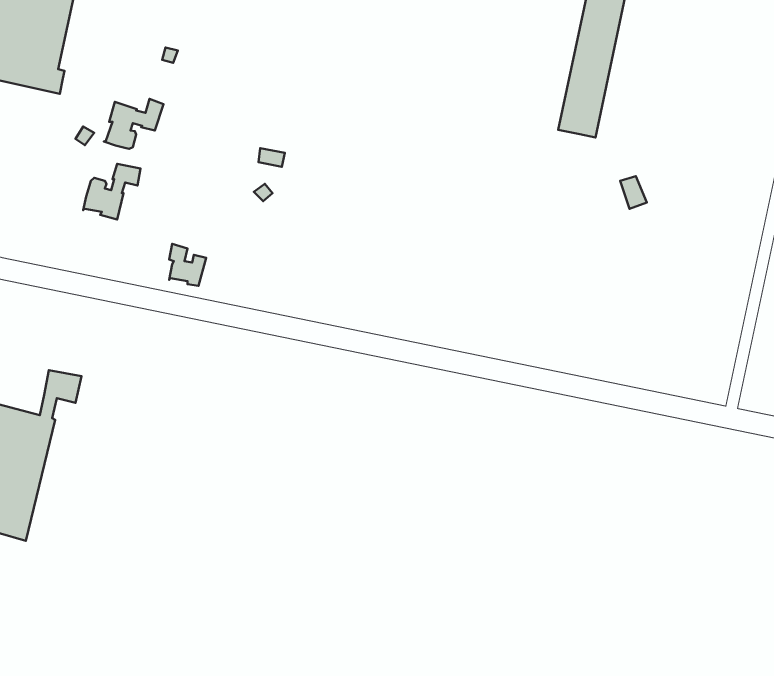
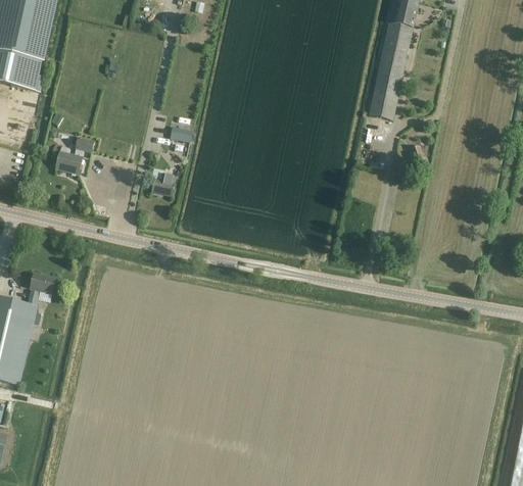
building: [104,99,163,149] -> none
building: [169,244,206,286] -> [151,167,176,195]

